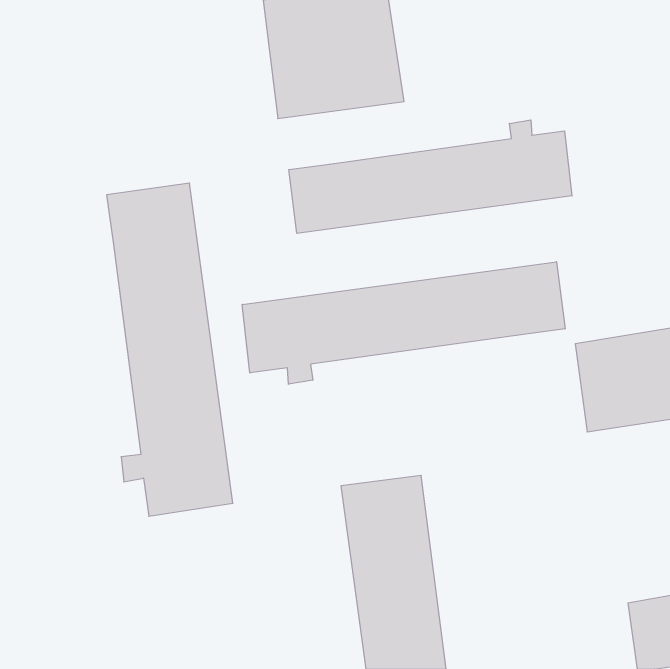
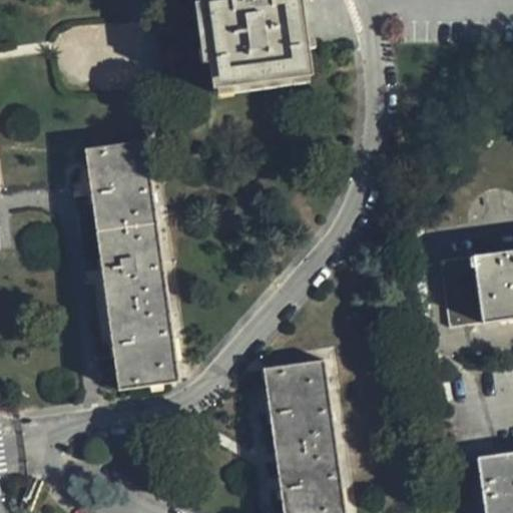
building: [289,120,572,233] -> none
building: [242,262,565,384] -> none

